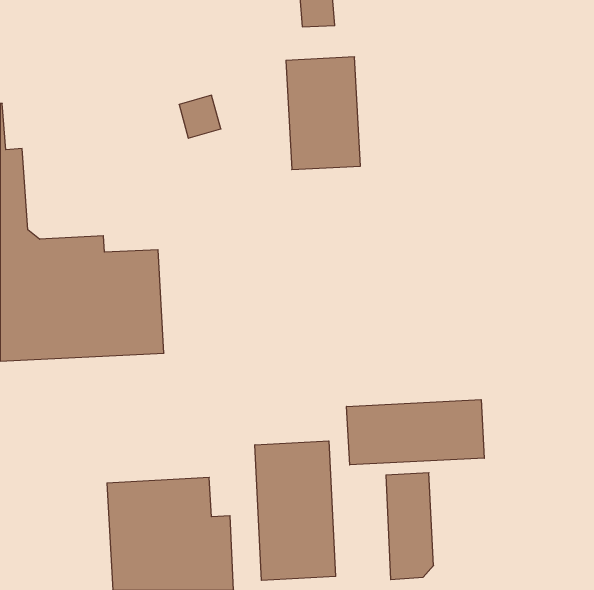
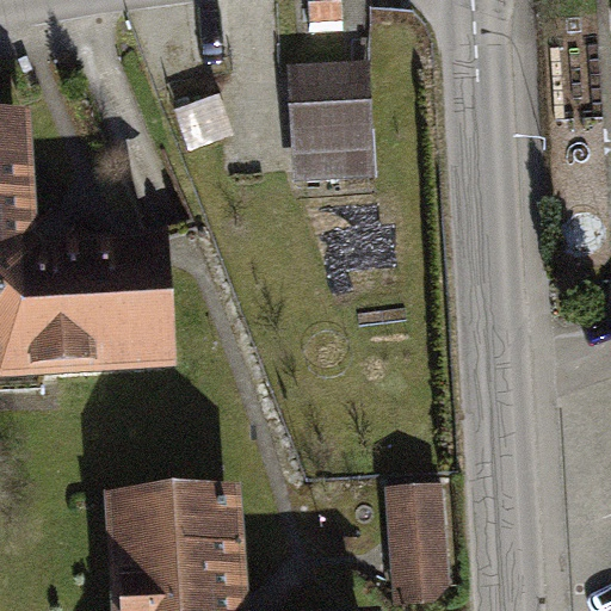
building: [347,400,484,465] -> none
building: [255,441,336,580] -> none

